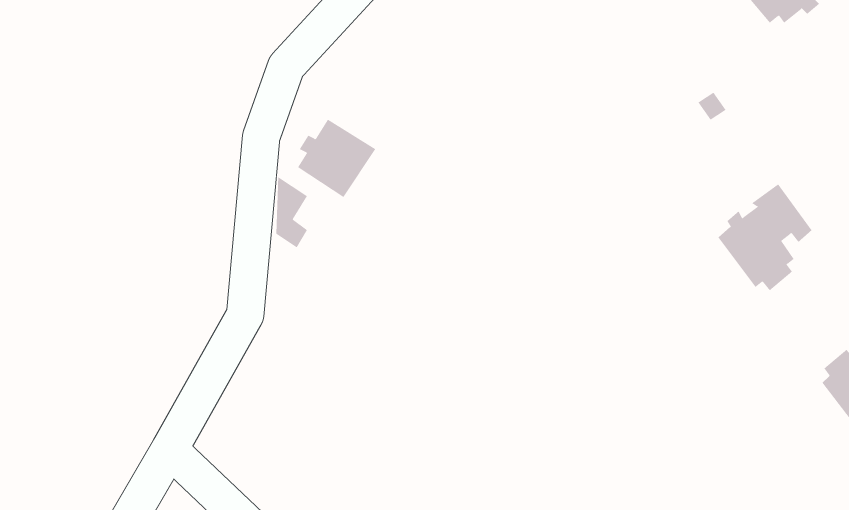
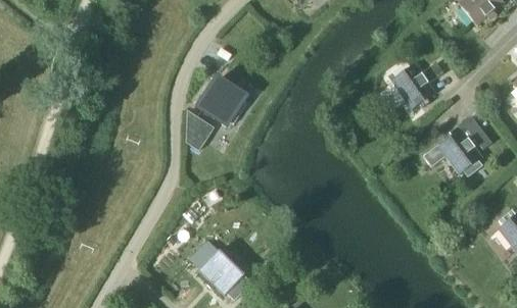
building: none -> [391,61,435,109]
building: none -> [199,250,245,296]

